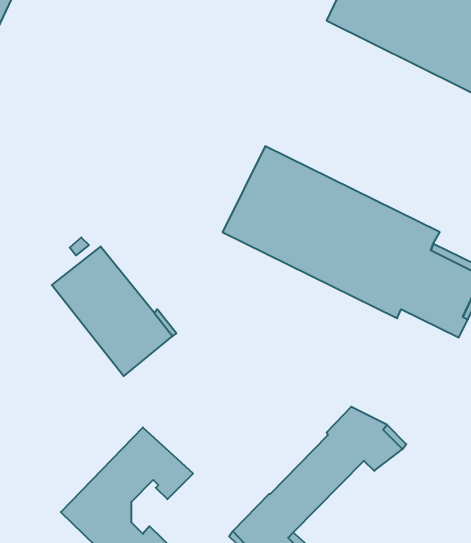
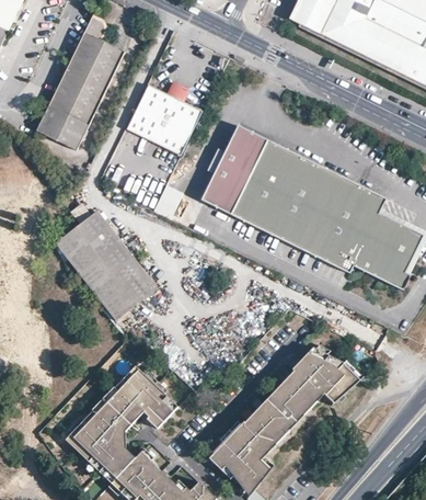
building: none -> [37,16,125,149]
building: none -> [126,84,203,156]

